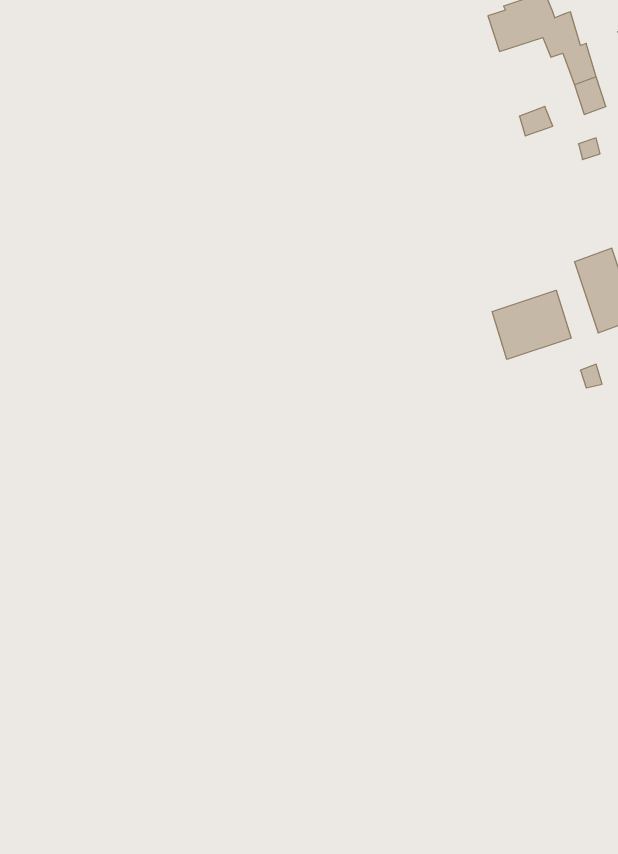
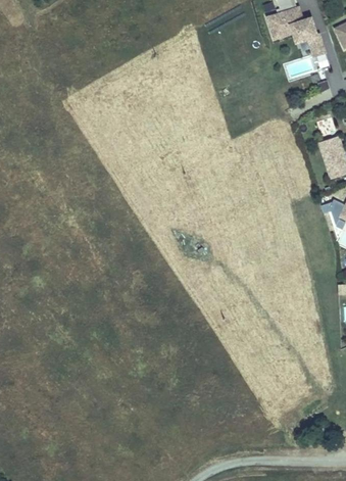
building: [492,290,571,359] -> none

